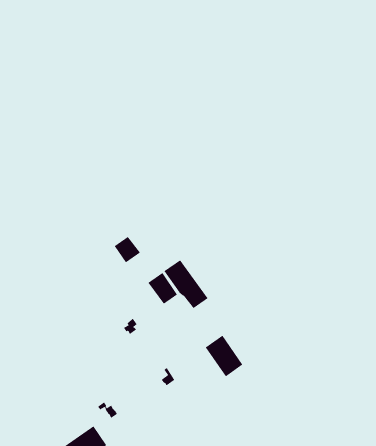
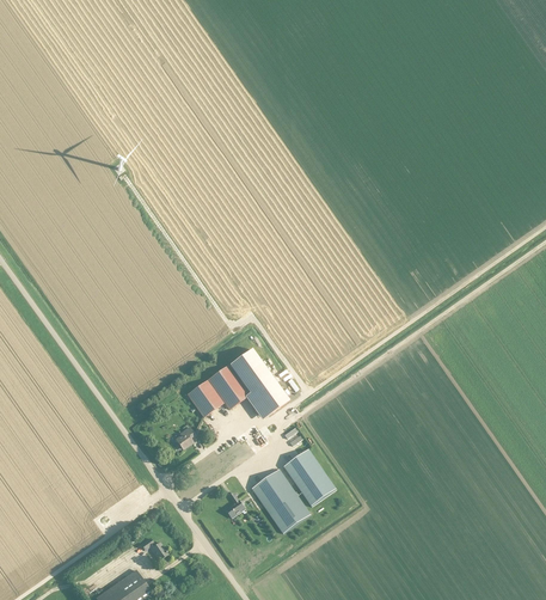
building: [114,236,141,263] -> [186,381,222,417]
building: none -> [252,470,308,533]

